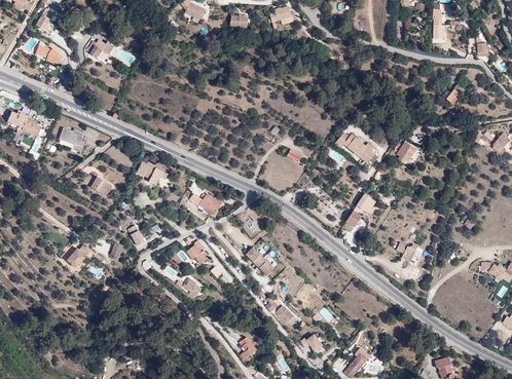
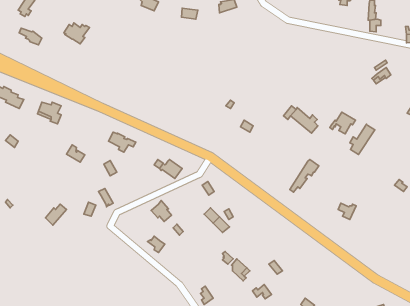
building: none -> [350,124,375,154]

